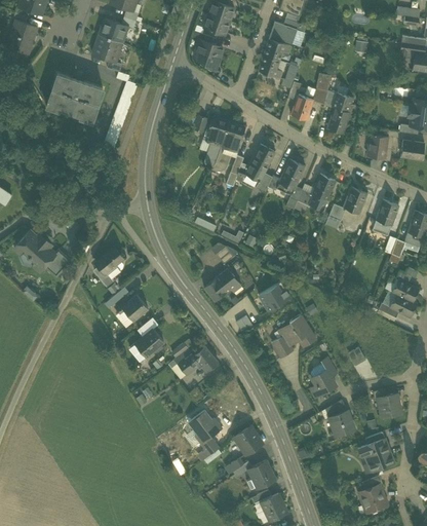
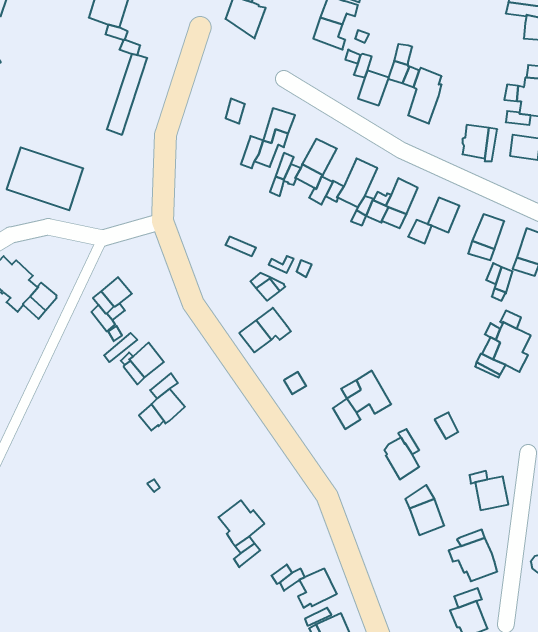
building: [46,74,103,120] -> [7,147,83,210]
building: [204,117,229,146] -> none
building: [258,283,289,311] -> none
building: [177,346,218,373] -> none
building: [234,426,262,455] -> none

